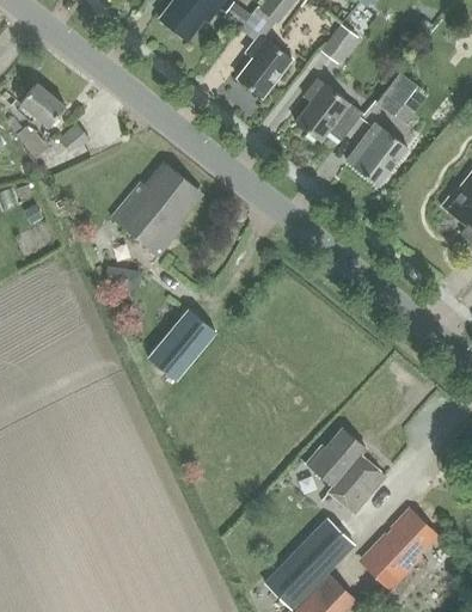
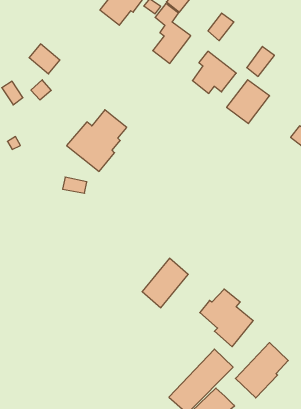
building: [20,82,66,127] -> [29,44,60,74]
building: [146,307,214,380] -> [142,258,188,308]

